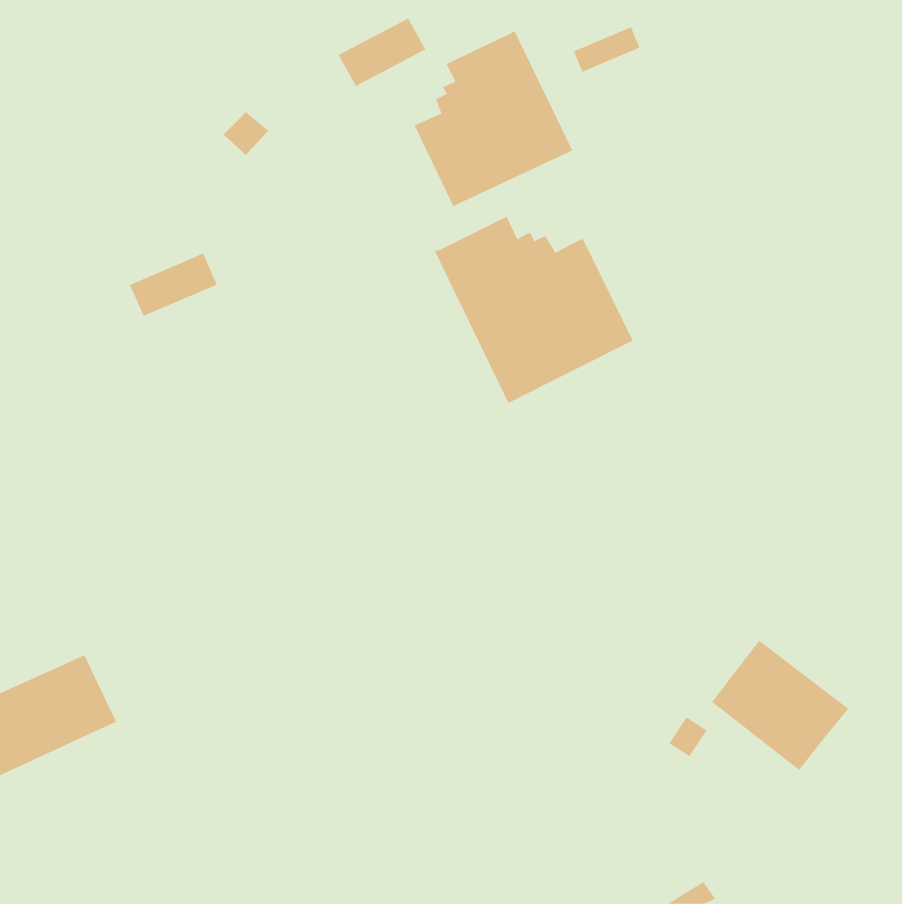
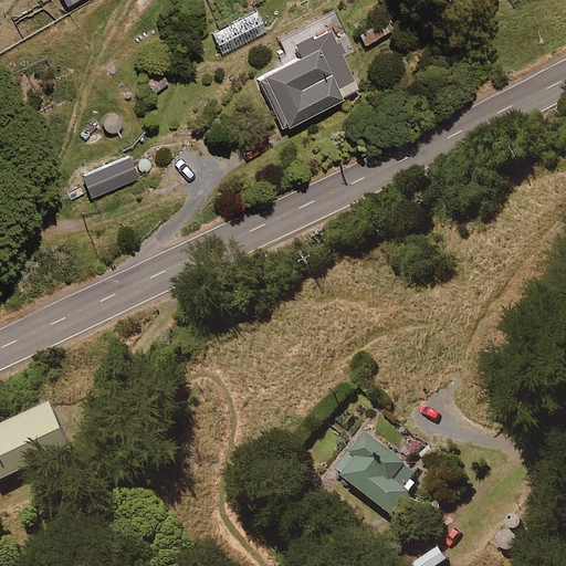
building: [434,216,633,404] -> none
building: [711,640,849,771] -> [338,437,424,518]

